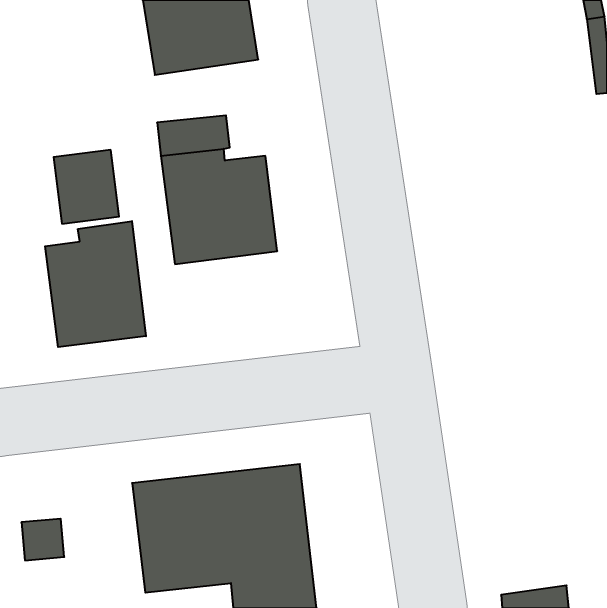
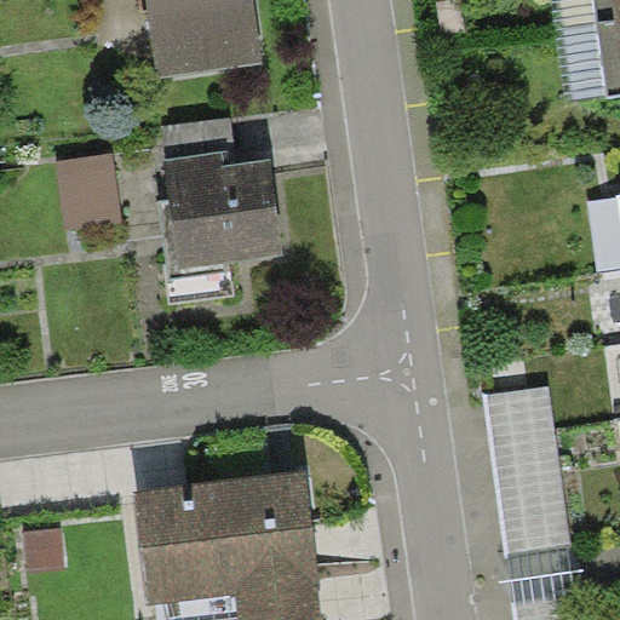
building: [45,221,146,347] -> none
building: none -> [482,389,569,558]

